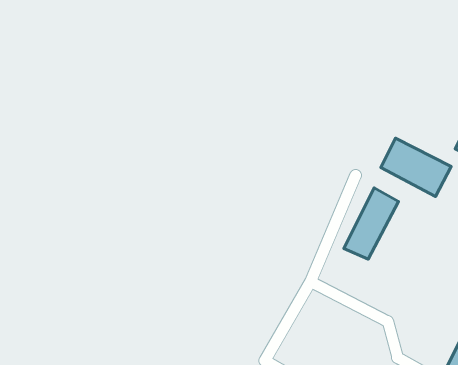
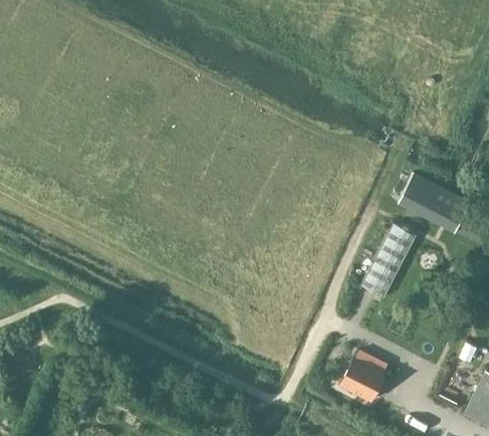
building: none -> [340,359,386,401]

